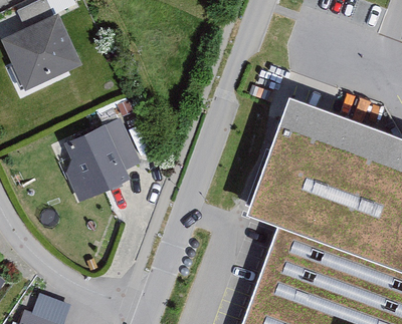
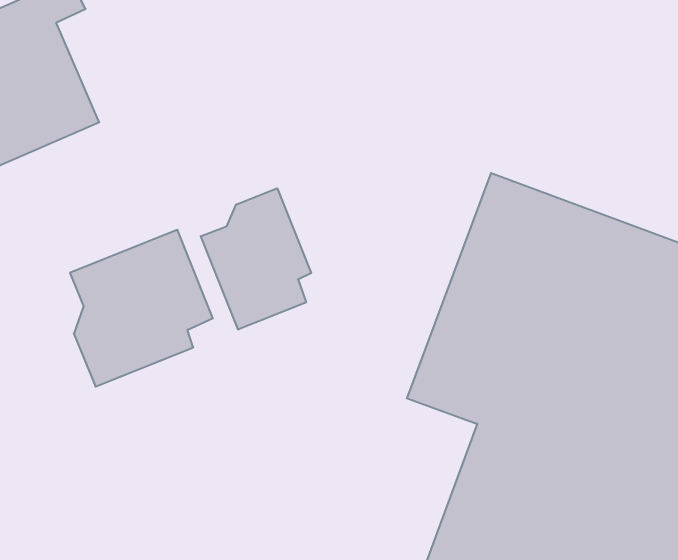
building: none -> [201,188,311,330]

